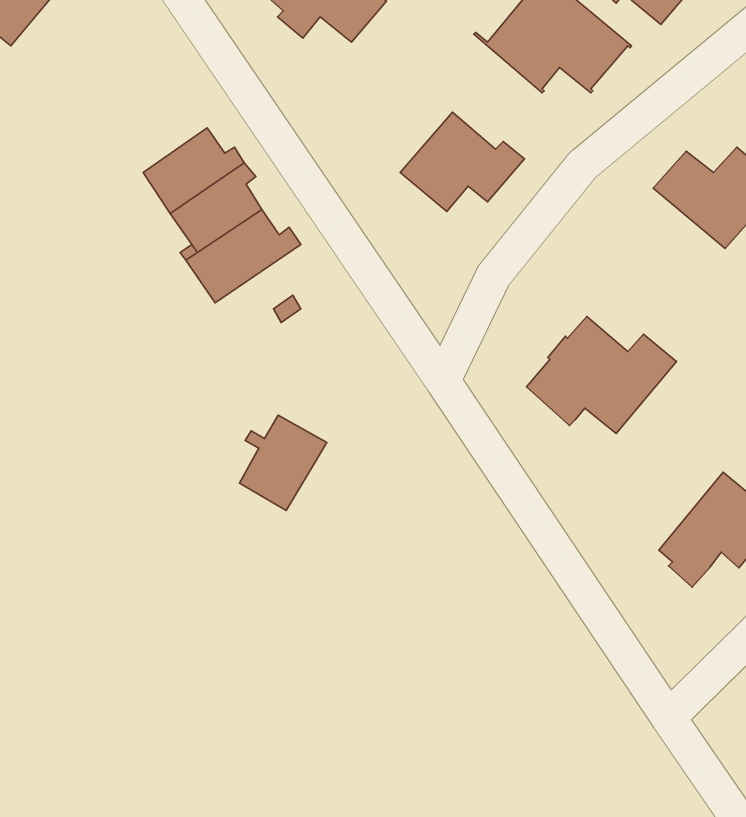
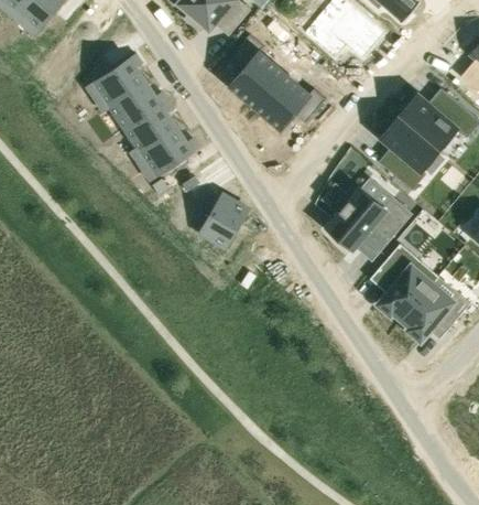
building: none -> [229,33,285,106]
building: none -> [87,53,146,110]
building: none -> [380,115,439,190]
building: none -> [378,243,438,320]
building: [239,415,327,510] -> [200,193,250,247]

